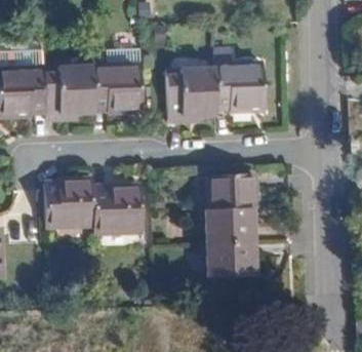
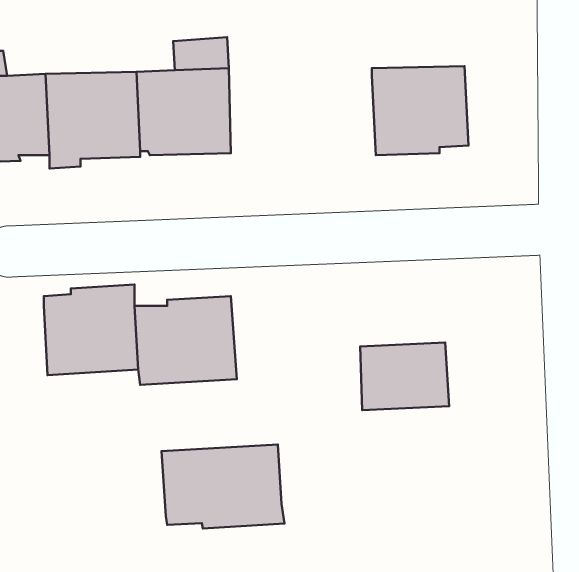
building: [169,69,219,119] -> none
building: [209,173,256,212] -> none
building: [212,244,259,281] -> none
building: none -> [162,444,284,528]

